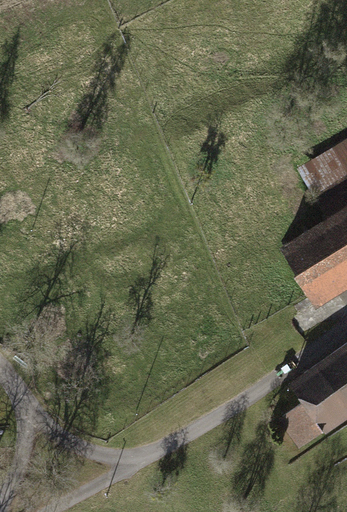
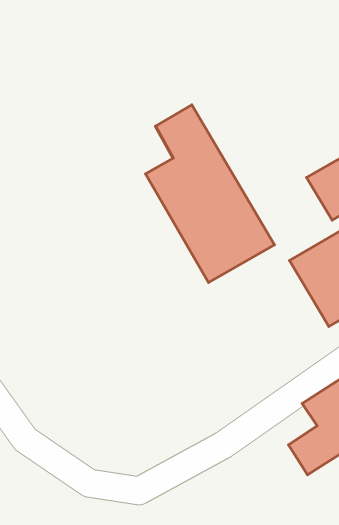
building: none -> [145,105,274,282]

